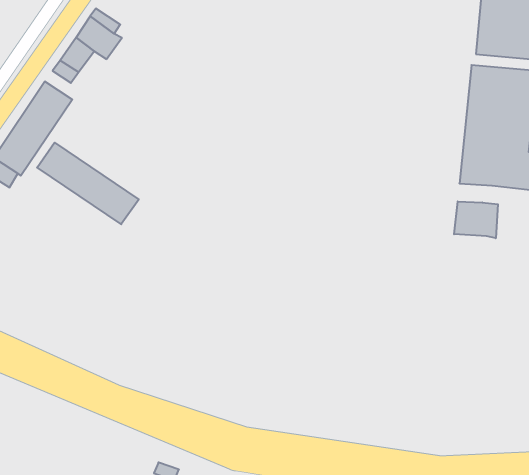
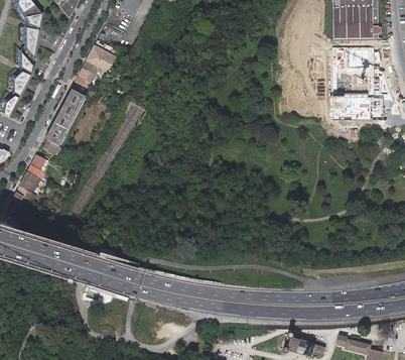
building: [37,143,139,224] -> none
building: [454,201,498,238] -> none

